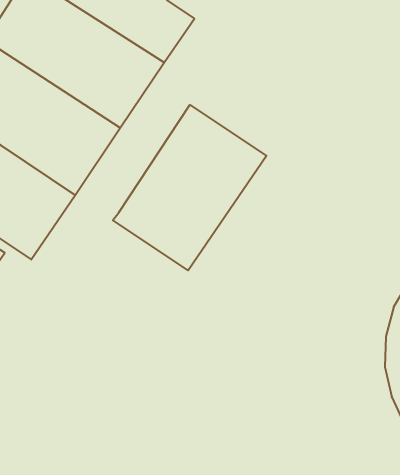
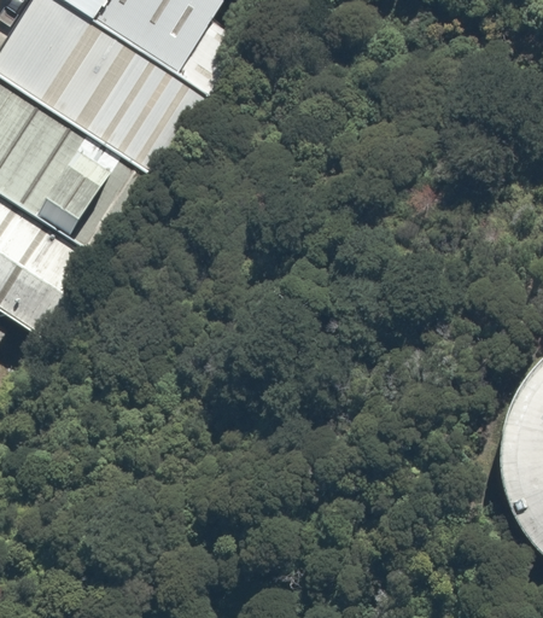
building: [113,105,266,270] -> none

